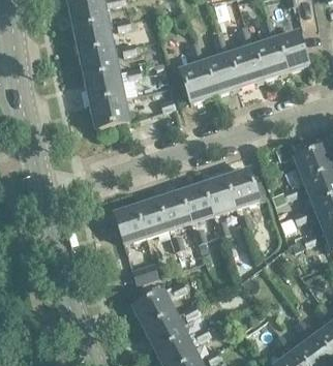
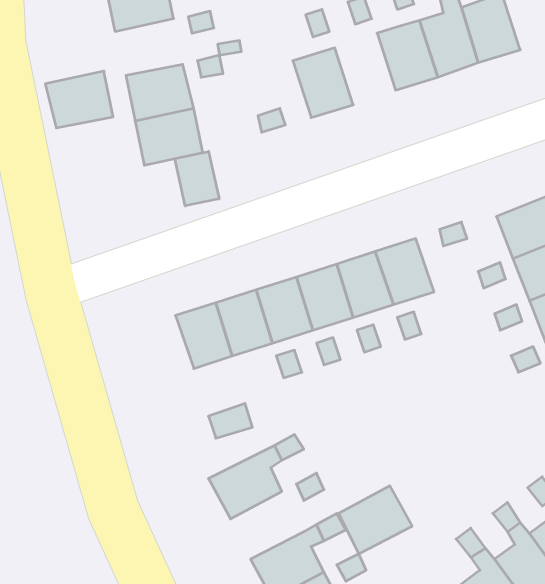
building: [80,44,118,77] -> [45,71,113,128]
building: [204,53,238,93] -> none
building: none -> [175,151,219,206]
building: [145,311,186,349] -> [339,486,412,554]

